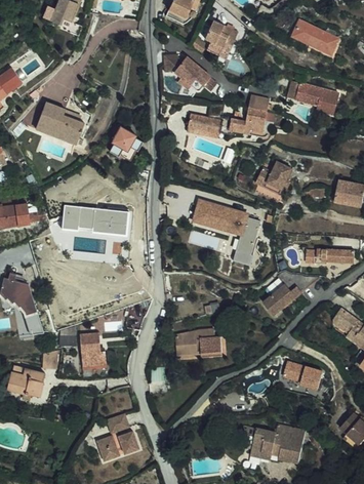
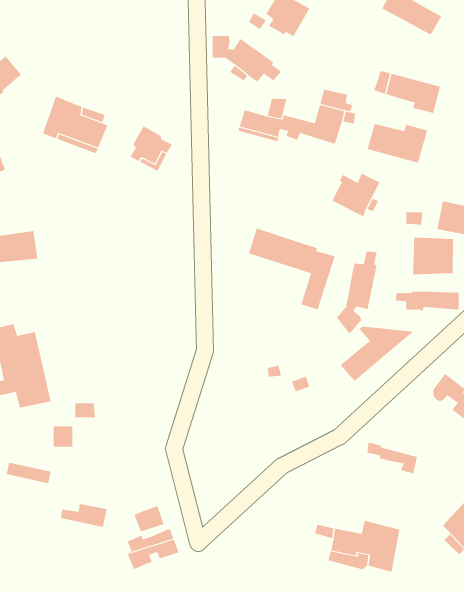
building: none -> [367,123,428,163]
building: [62,205,129,235] -> none
building: none -> [413,237,453,275]
building: none -> [336,251,377,334]
building: [177,331,219,357] -> none
building: [79,334,106,368] -> none
building: [9,368,45,387] -> [60,503,107,528]

